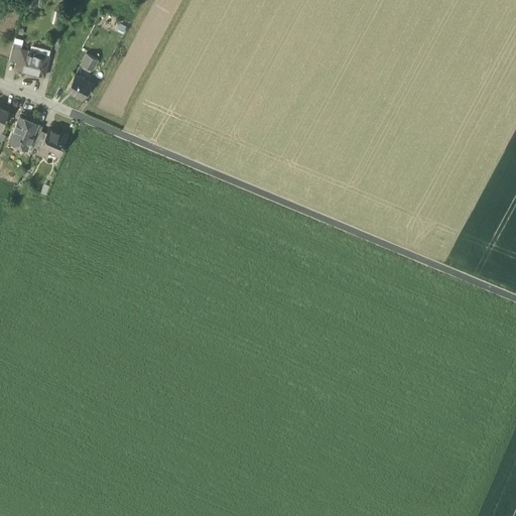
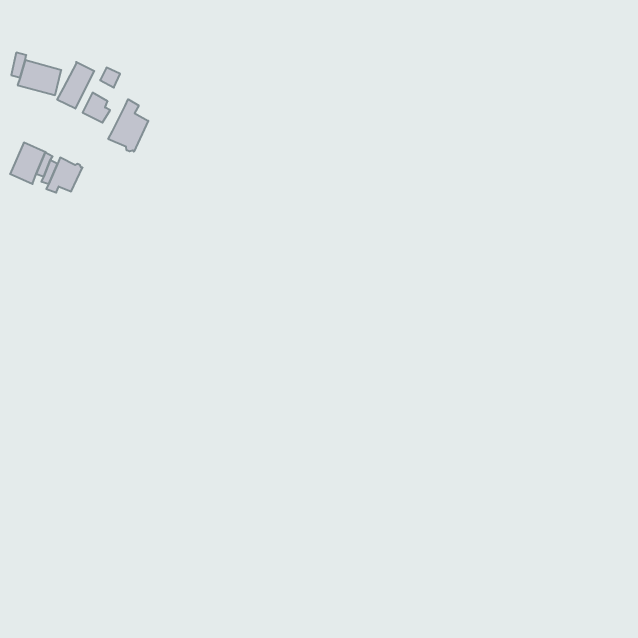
building: none -> [57,62,94,109]
building: none -> [108,99,148,152]

